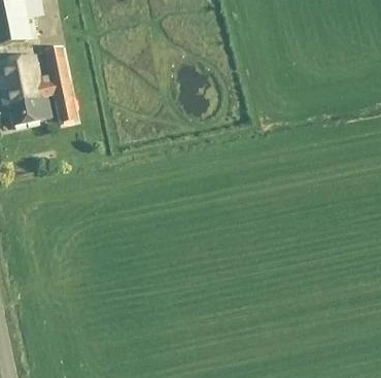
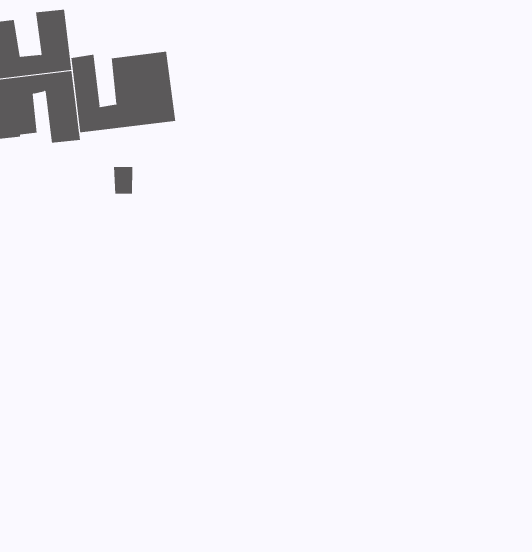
building: none -> [71,51,176,133]

